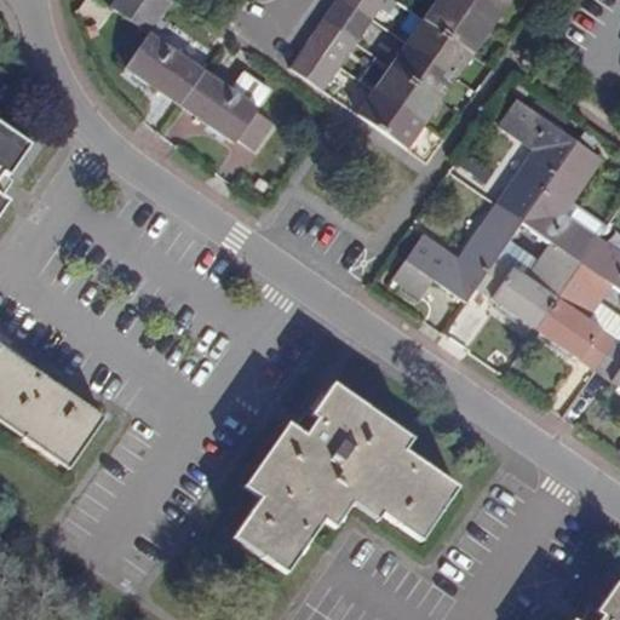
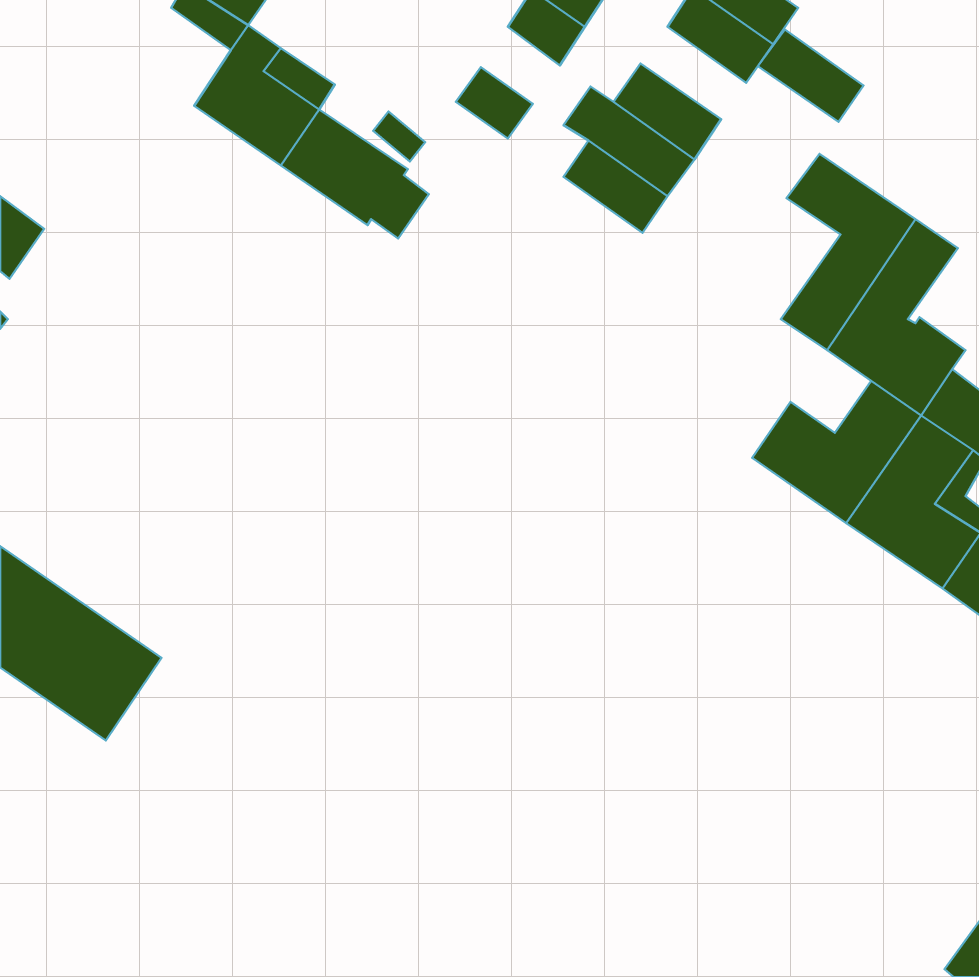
building: [305,17,355,65] -> none
building: [406,17,472,75] -> [758,30,864,122]
building: [392,201,523,303] -> none
building: [235,381,460,572] -> none

